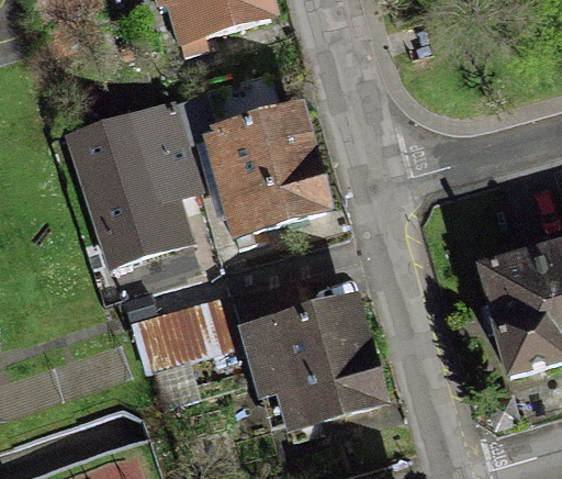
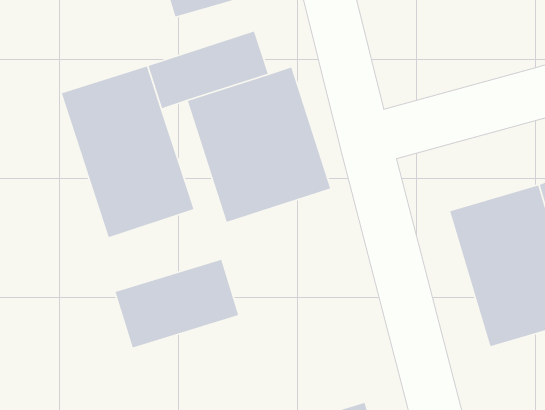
building: [231,282,392,427] -> none

